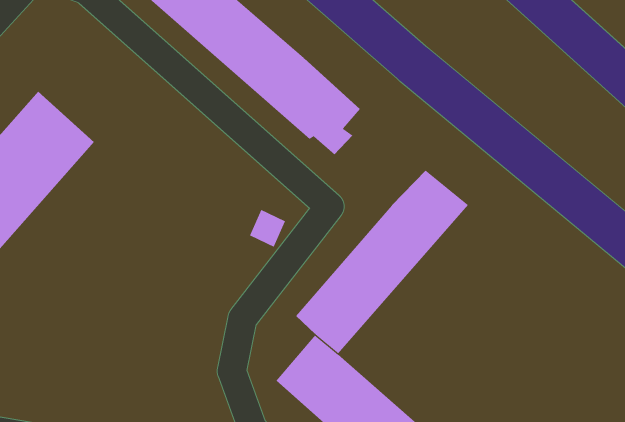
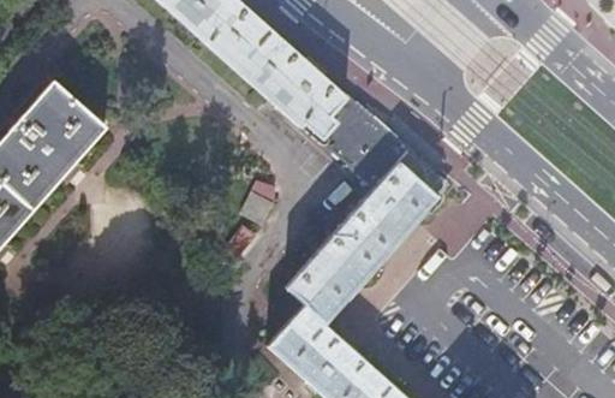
building: none -> [323,101,407,189]

